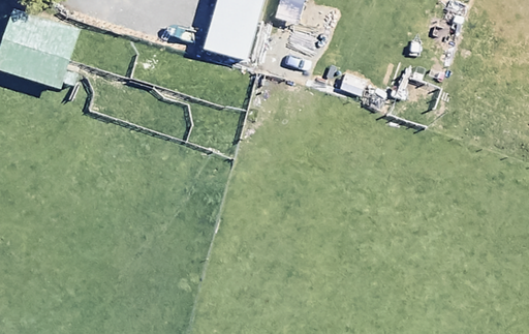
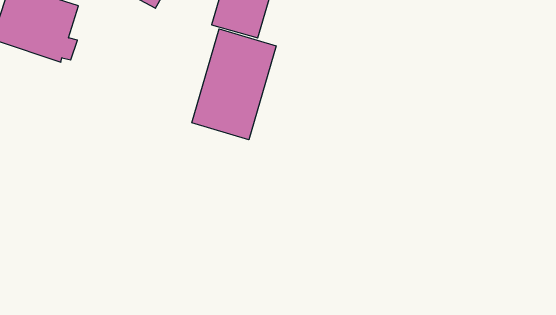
building: none -> [192,29,276,140]

